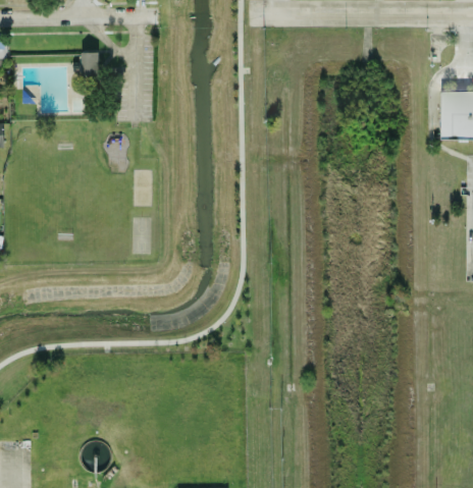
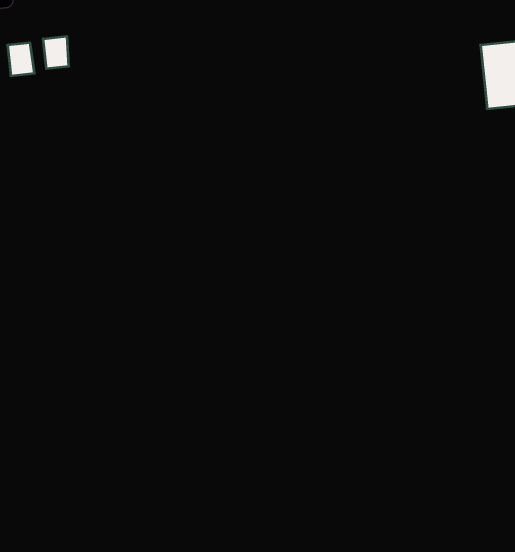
building: none -> [43,36,69,69]

